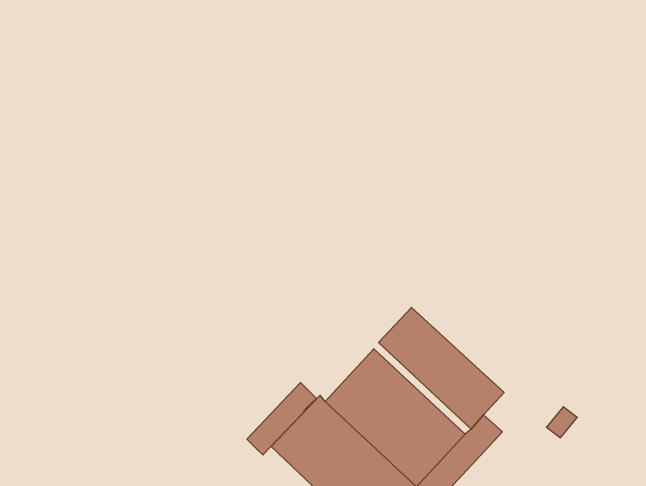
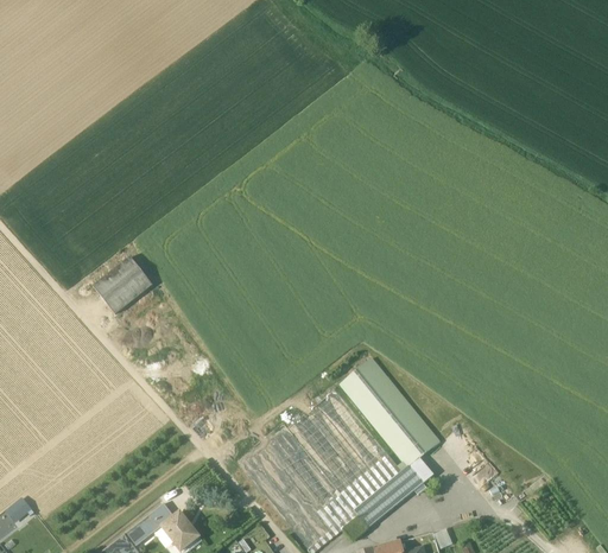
building: none -> [93,256,152,313]
building: [247,383,317,455] -> none

